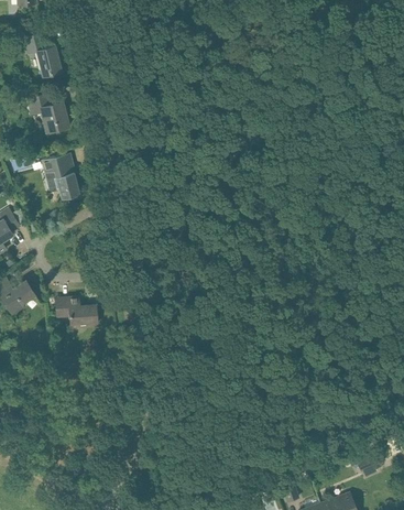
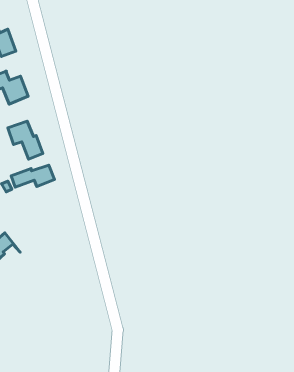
building: none -> [11,165,54,187]
building: [55,297,97,325] -> none

